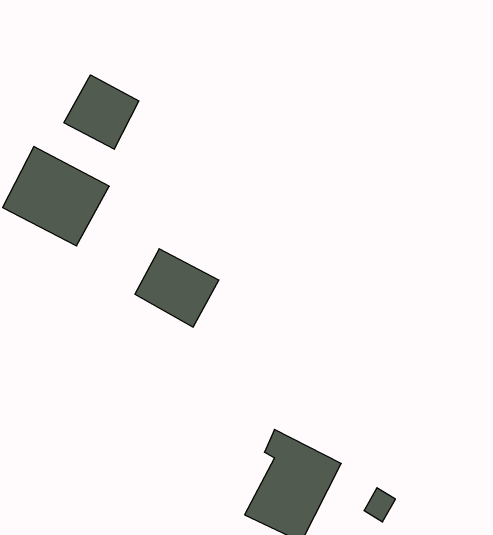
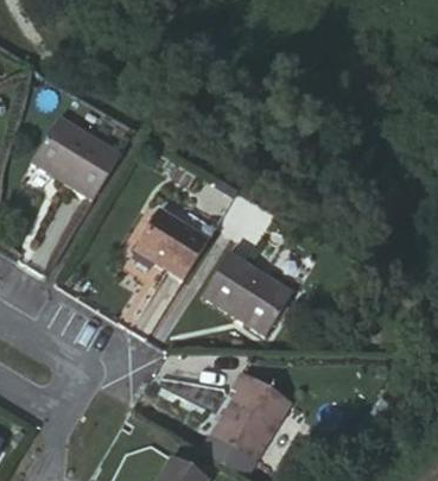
building: [64,75,139,149] -> none
building: none -> [192,249,284,327]

